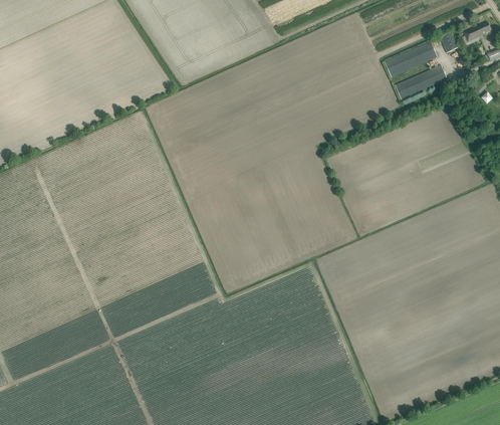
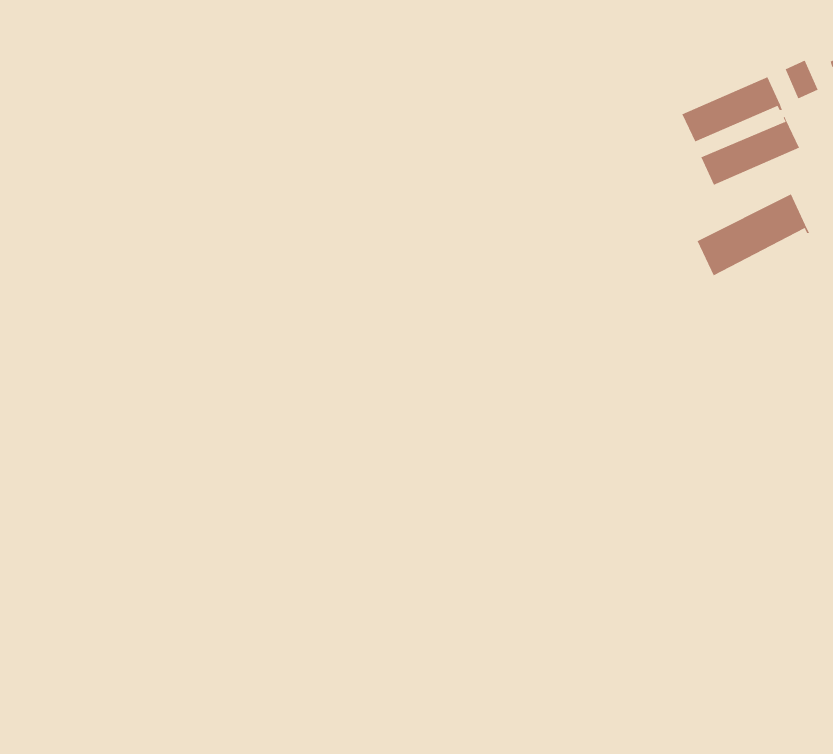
building: none -> [697,193,810,276]

